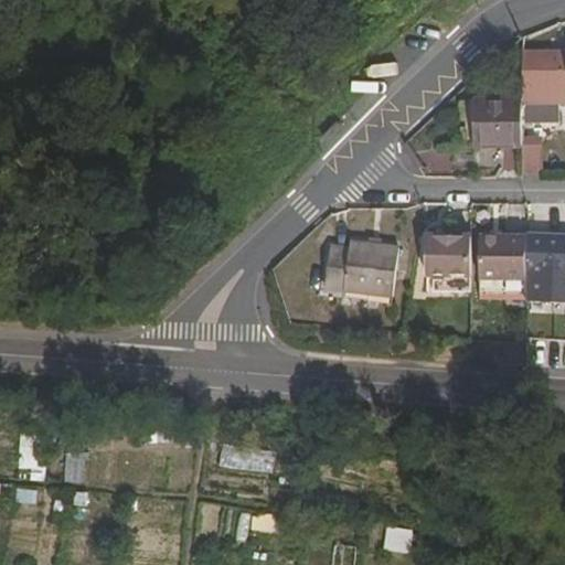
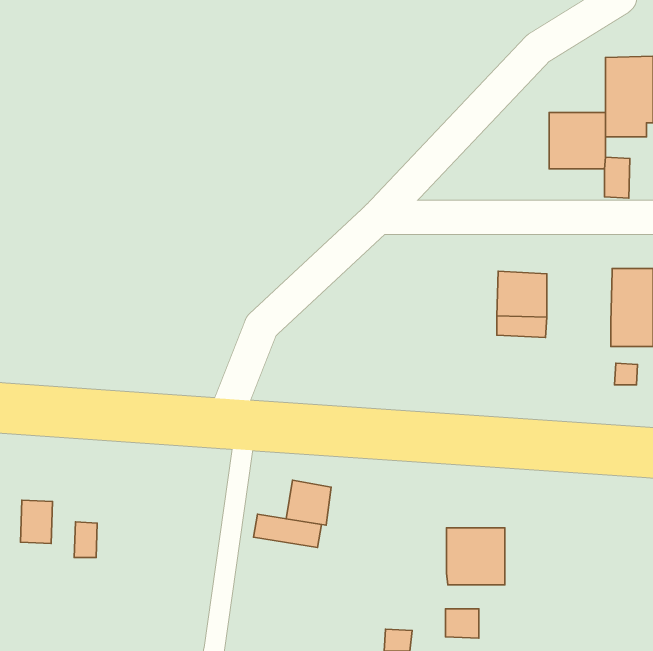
building: [477,233,527,278] -> none
building: [327,242,398,295] -> none
building: none -> [286,480,331,525]
building: none -> [446,528,505,585]

